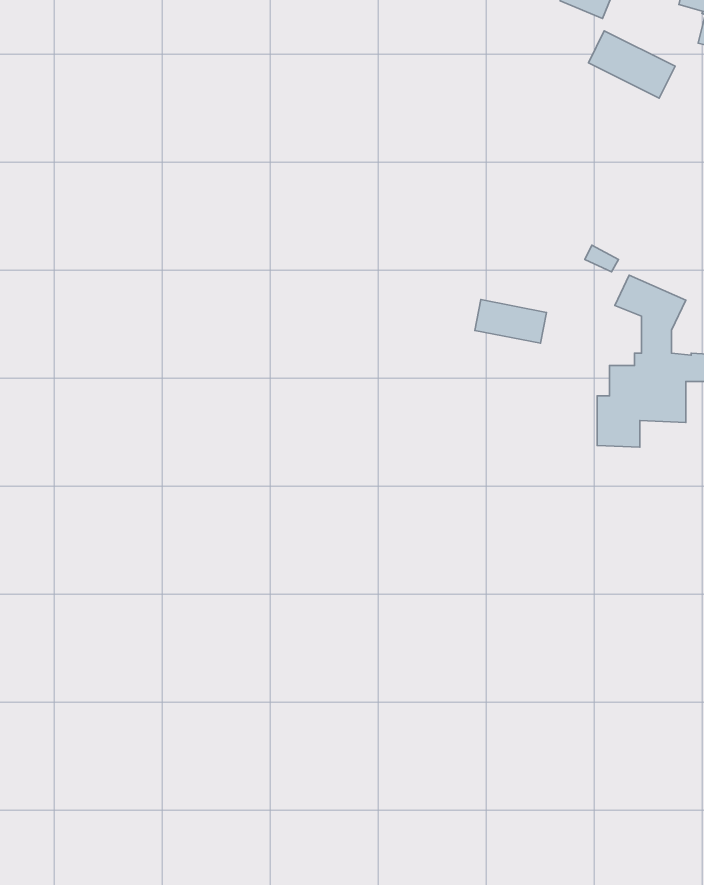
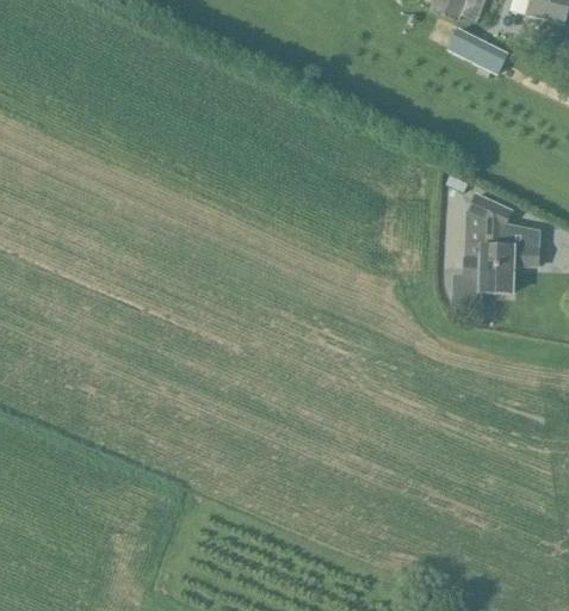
building: [475,299,546,343] -> none

